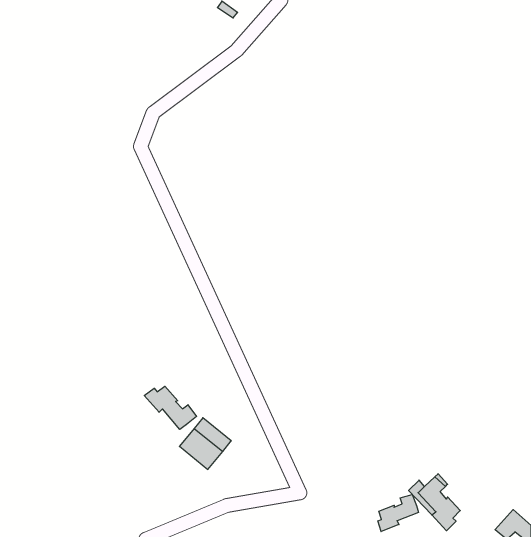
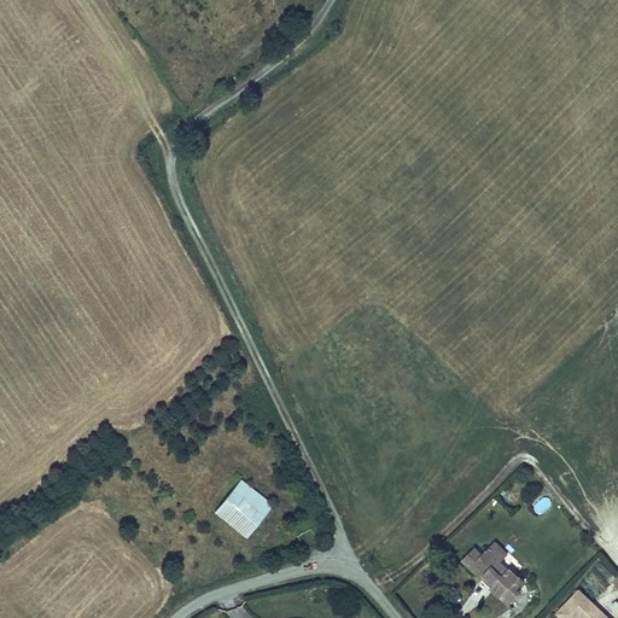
building: [144,386,197,429] -> none
building: [378,494,419,532] -> none

